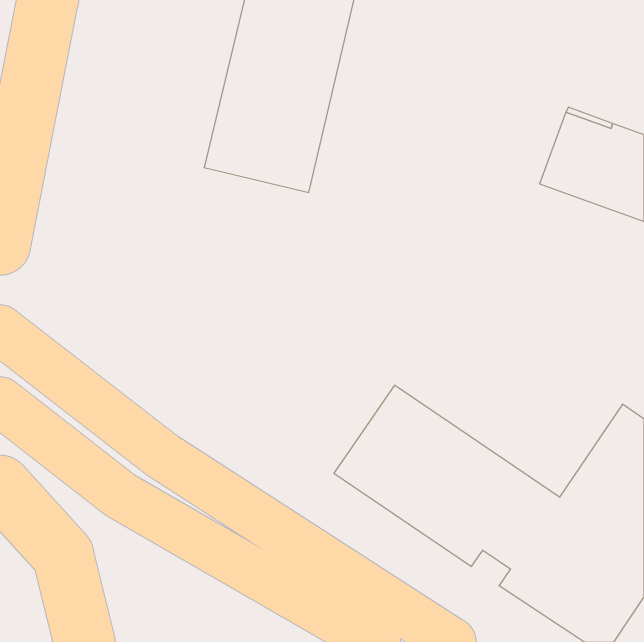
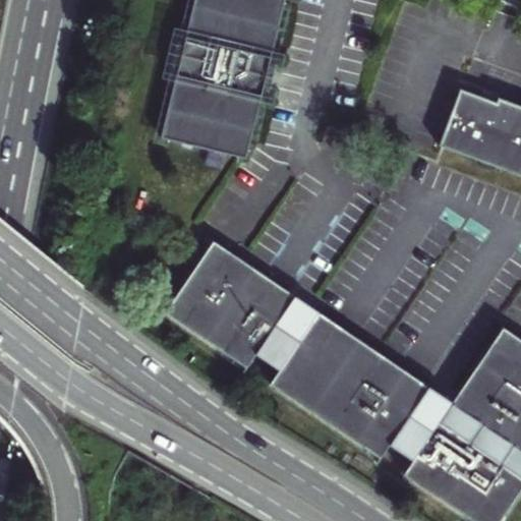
building: none -> [164,244,319,369]

